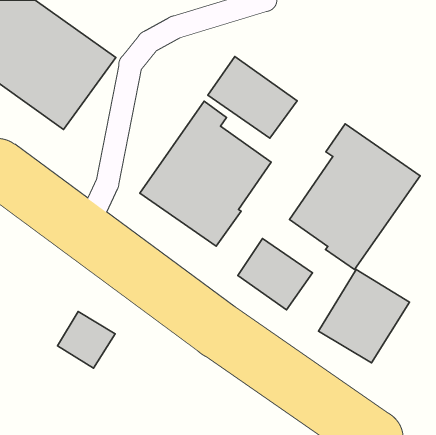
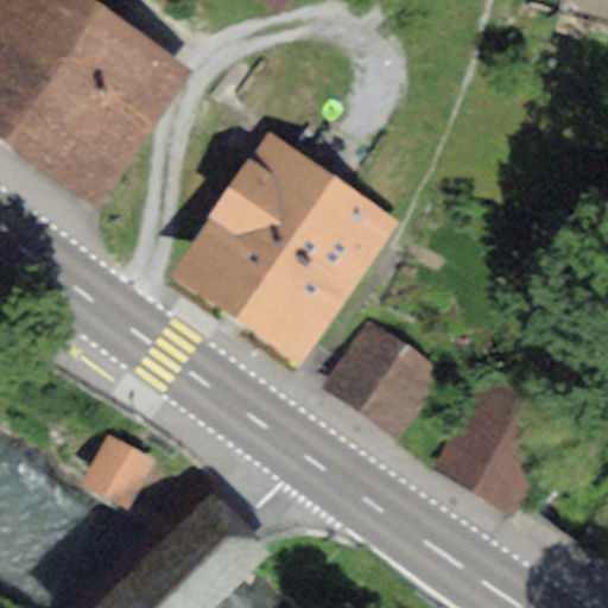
building: [208,57,297,138] -> none
building: [290,124,420,270] -> none

